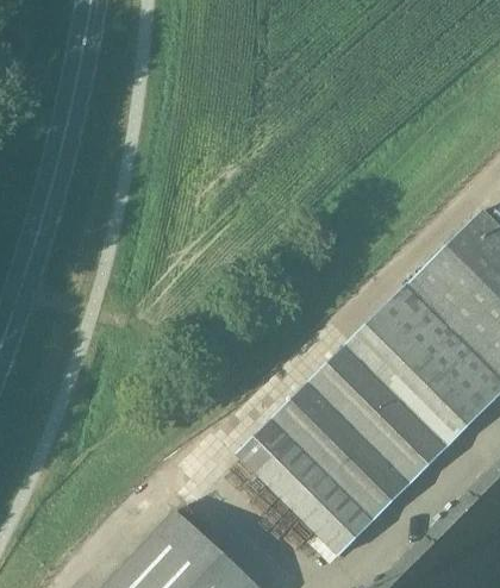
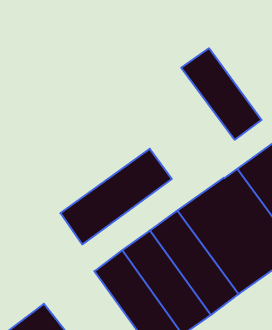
building: none -> [181,48,262,140]
building: none -> [60,149,172,244]

